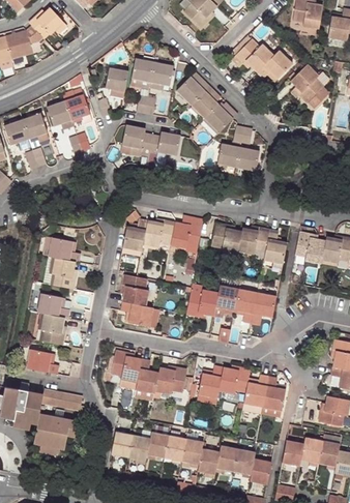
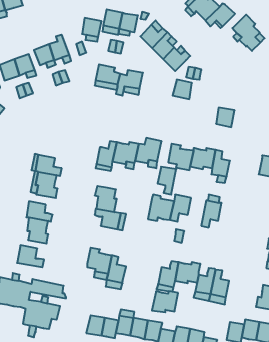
building: [237,148,260,172] -> [216,108,235,127]
building: [295,232,326,263] -> none
building: [235,289,258,323] -> [158,167,176,195]
building: [155,367,187,393] -> [152,291,178,312]

